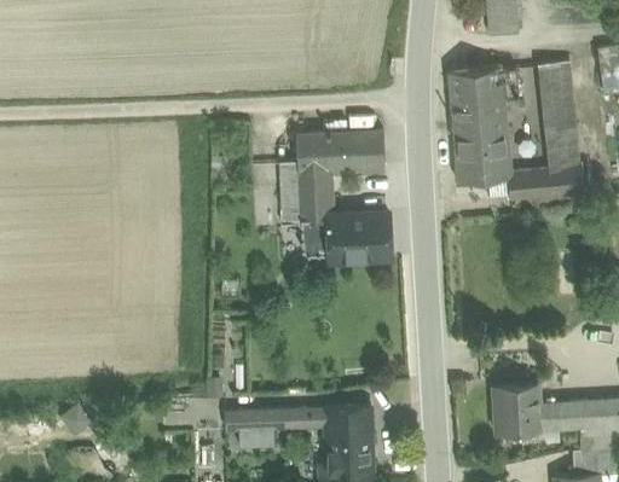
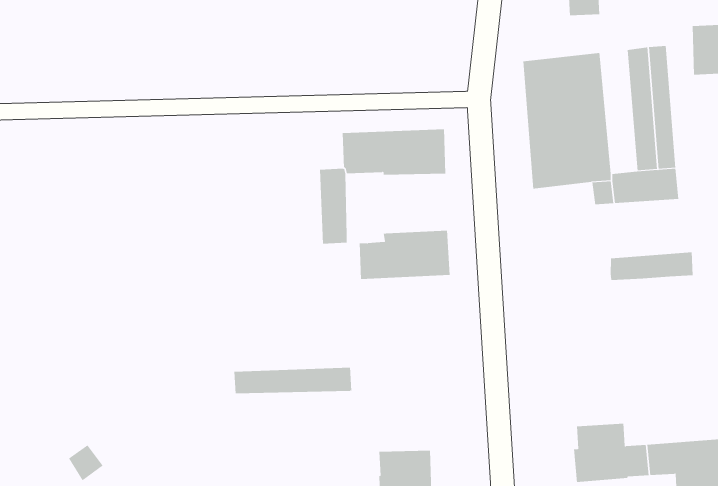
building: [299,169,332,230] -> none
building: none -> [610,252,693,281]
building: [226,408,328,431] -> [234,367,352,394]

